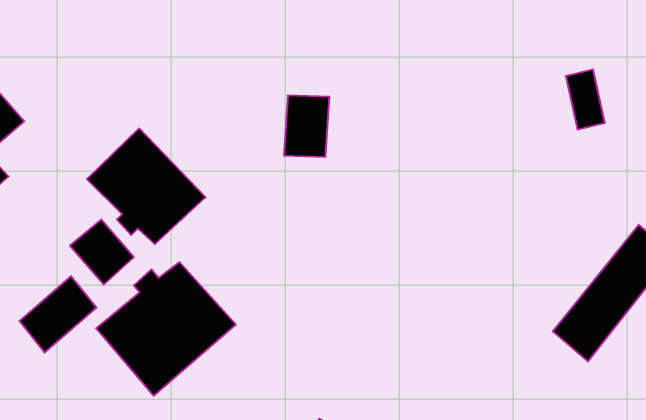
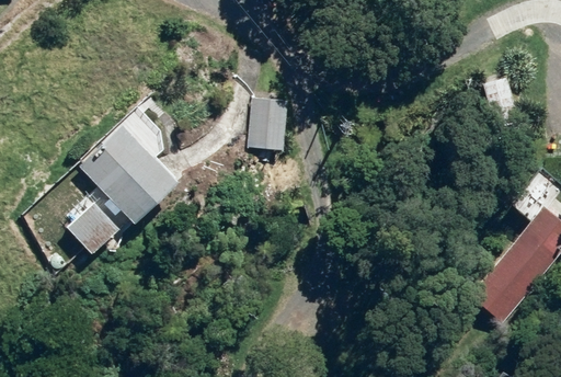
building: [96,262,236,396] -> none
building: [19,276,96,353] -> none

